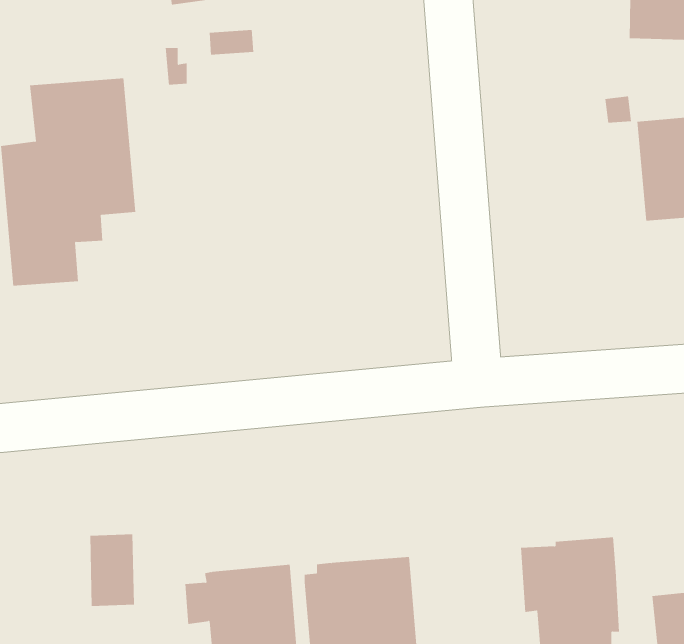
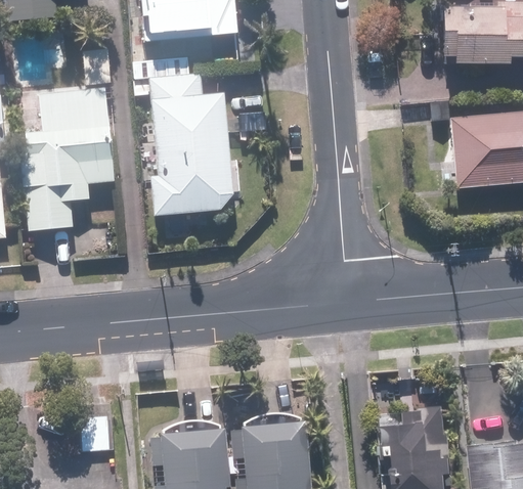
building: none -> [156,75,237,215]

